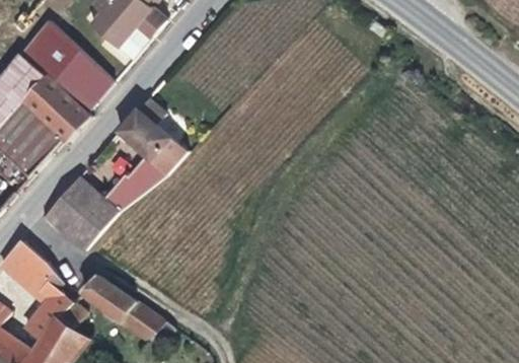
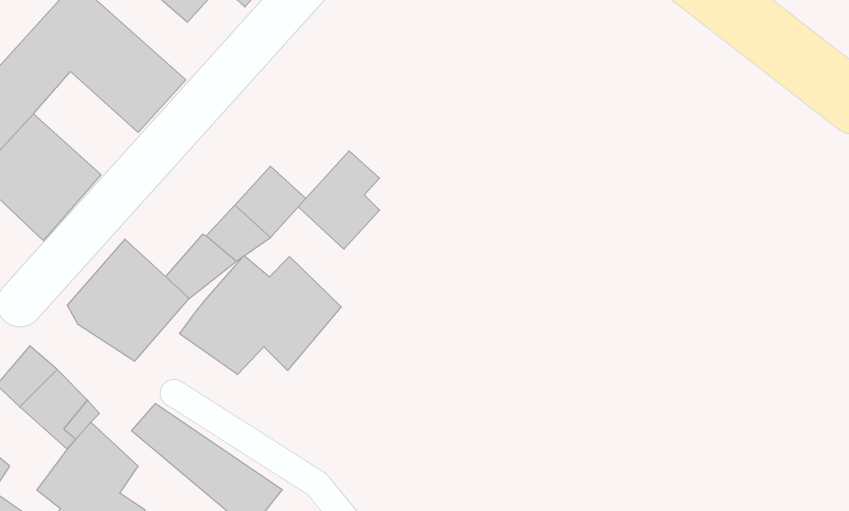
building: [22,76,89,141] -> none
building: [116,97,164,156] -> [298,151,380,249]
building: none -> [180,256,341,375]

